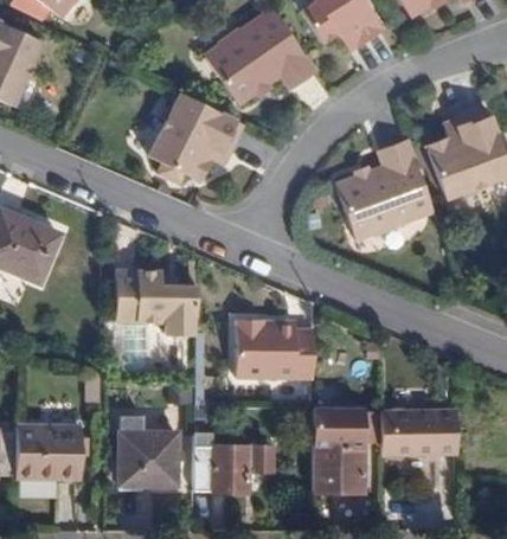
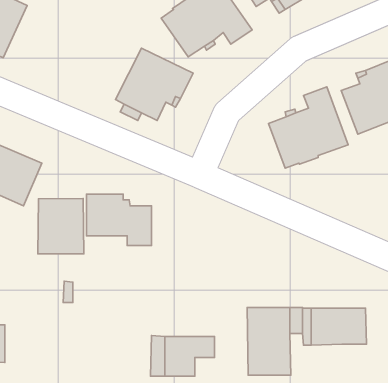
building: none -> [38,198,84,254]
building: [237,321,314,380] -> none
building: [120,415,178,485] -> none
building: [15,425,81,479] -> none

